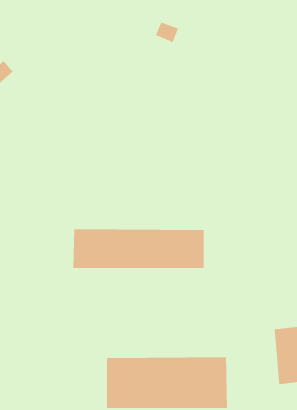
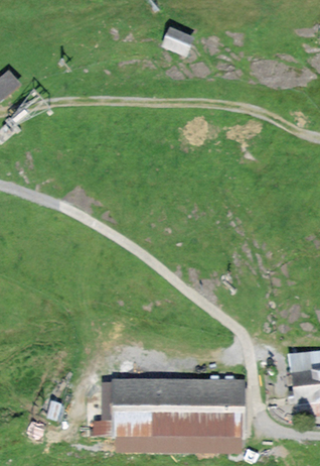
building: [73,229,204,269] -> none

